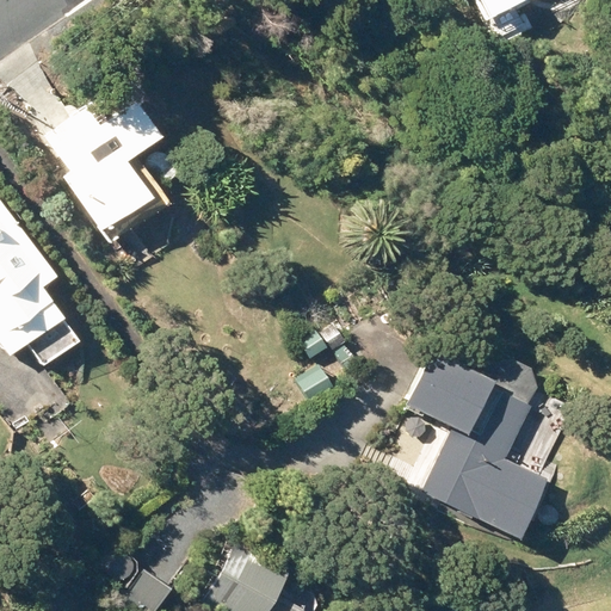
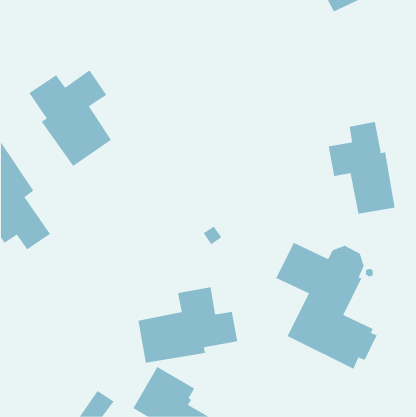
building: none -> [328,121,395,215]
building: none -> [138,286,238,364]

